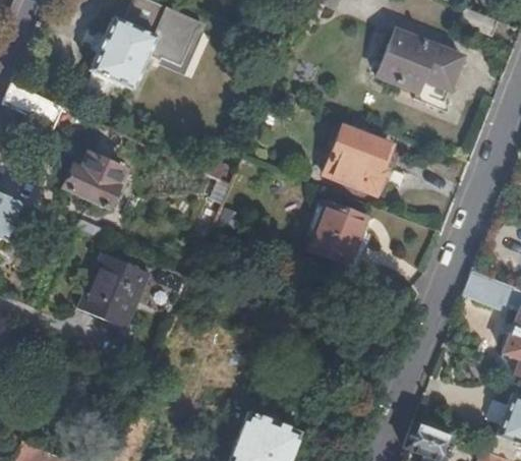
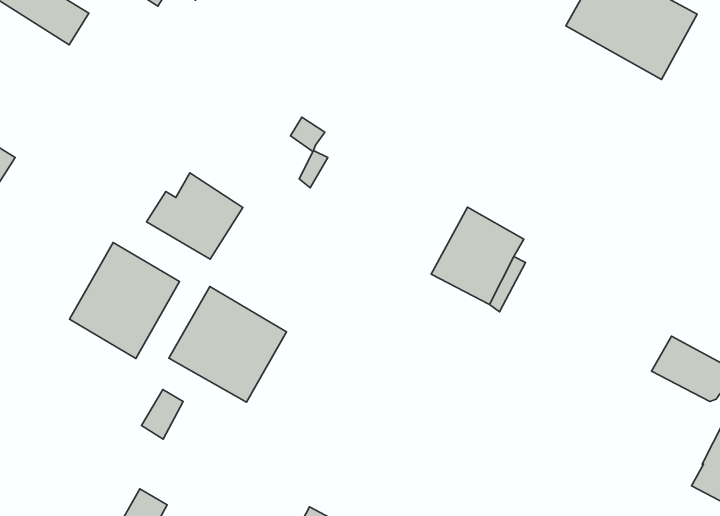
building: [326,127,392,195] -> none
building: [64,152,126,207] -> [147,173,243,259]
building: none -> [169,286,287,402]

